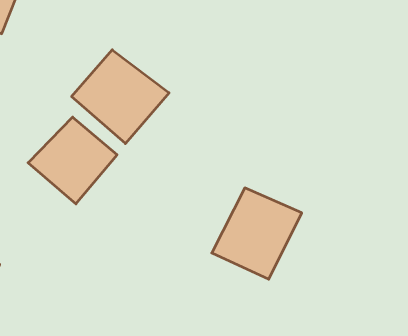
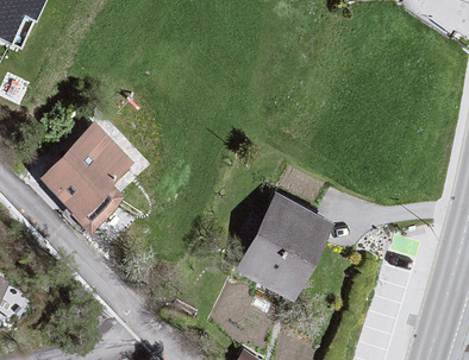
building: [72,50,169,144] -> none

